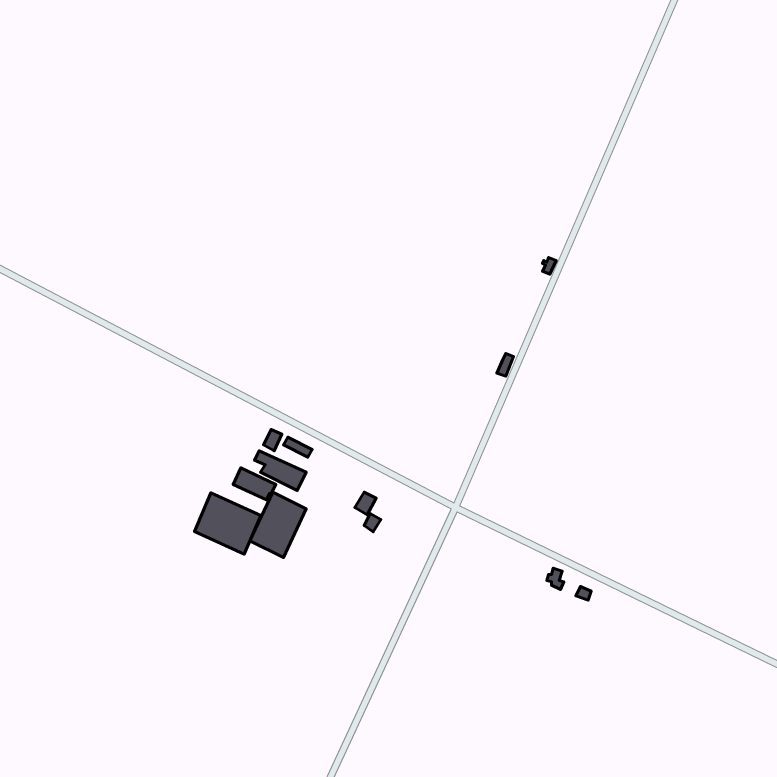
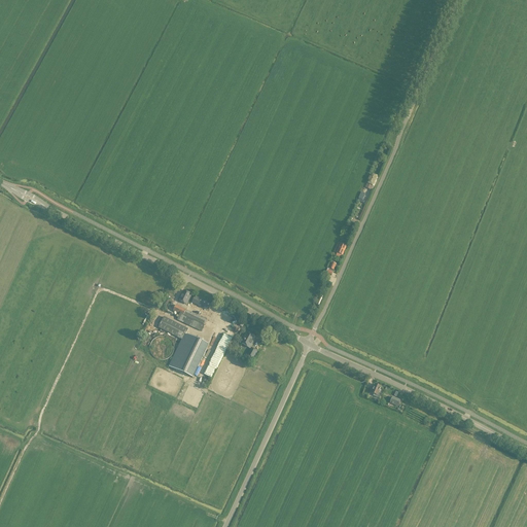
building: [194,493,261,554] -> none

